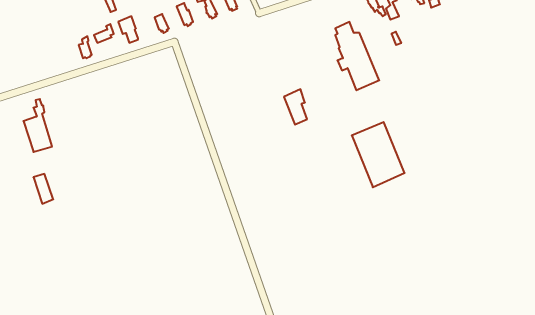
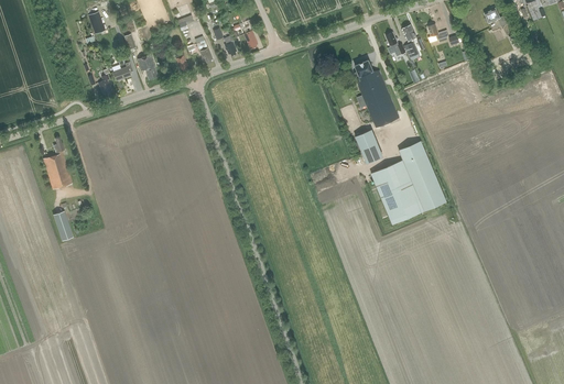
building: [284,89,307,125] -> [356,129,379,164]
building: none -> [403,150,447,210]

